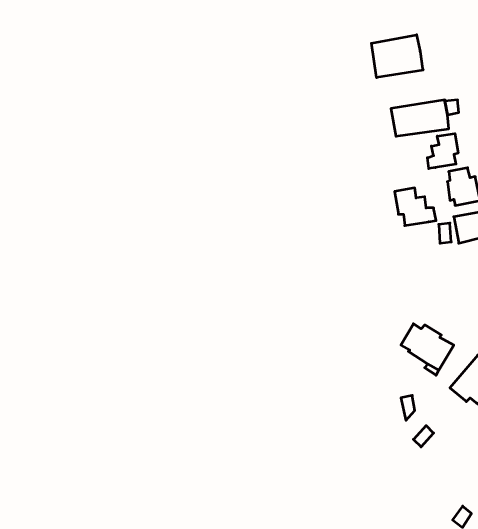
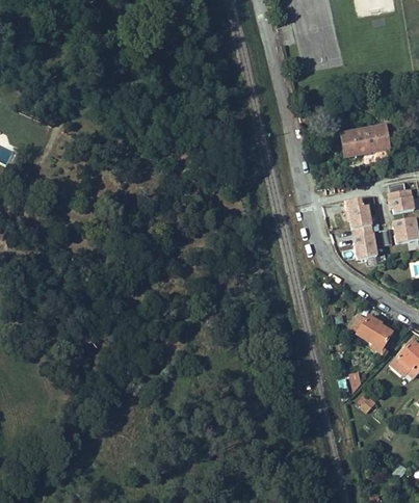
building: [371,35,423,78] -> none
building: [427,134,458,169] -> none
building: none -> [352,226,378,265]

